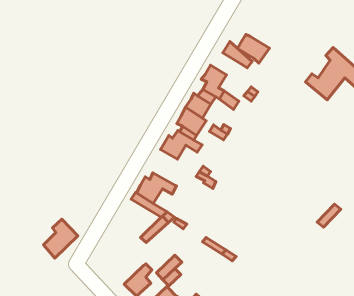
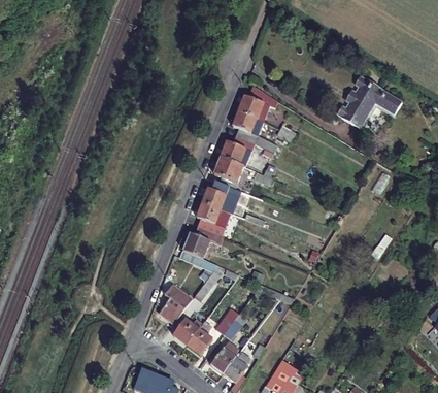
building: [238,34,269,63] -> [238,95,270,122]
building: none -> [196,203,225,237]
building: [44,219,78,258] -> [159,284,192,324]
building: none -> [172,318,202,345]

